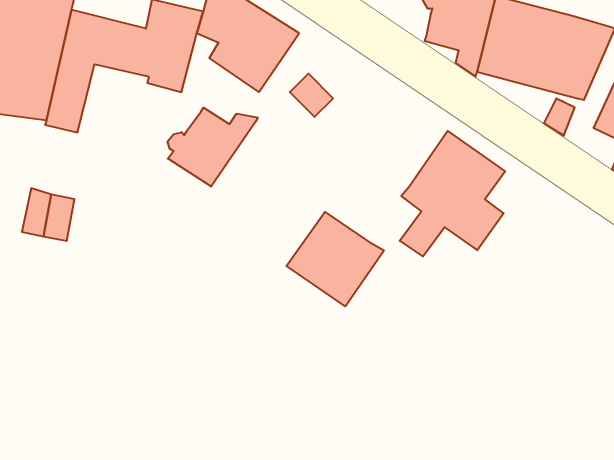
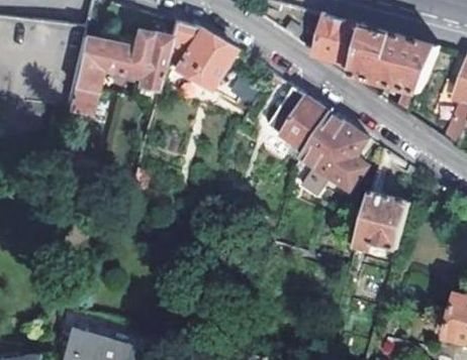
building: [168,108,258,187] -> none
building: [286,212,384,306] -> [267,89,331,150]
building: none -> [355,191,409,253]

